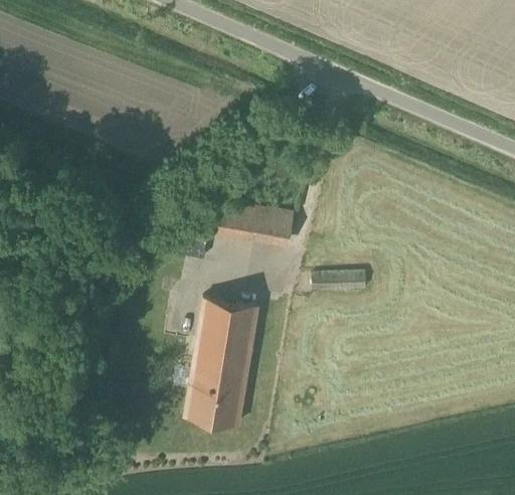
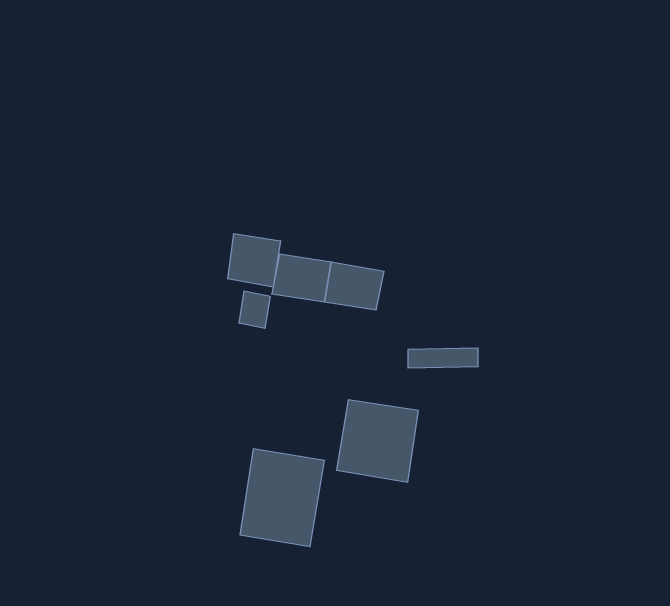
building: none -> [228,234,280,287]
building: [196,295,259,357] -> [336,400,418,482]

